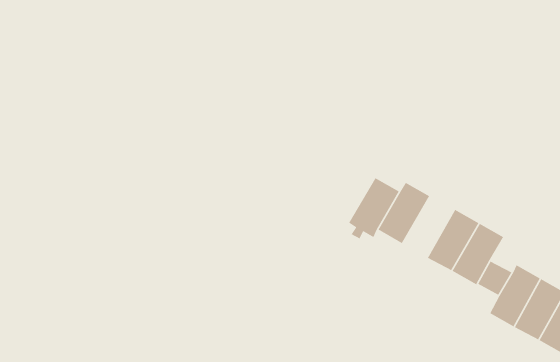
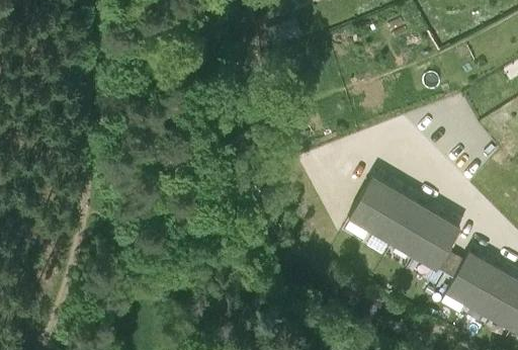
building: none -> [377,197,423,251]

